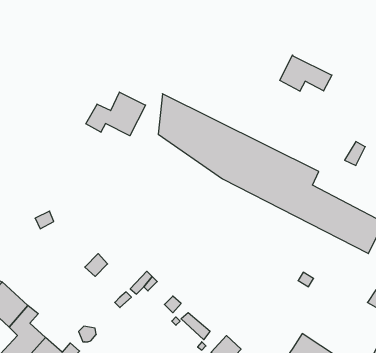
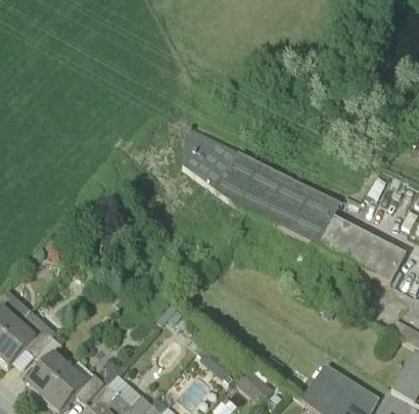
building: [280,55,332,91] -> none
building: [86,92,146,136] -> none

